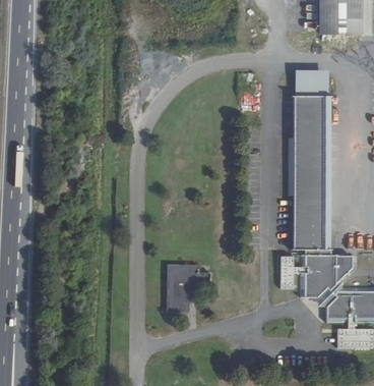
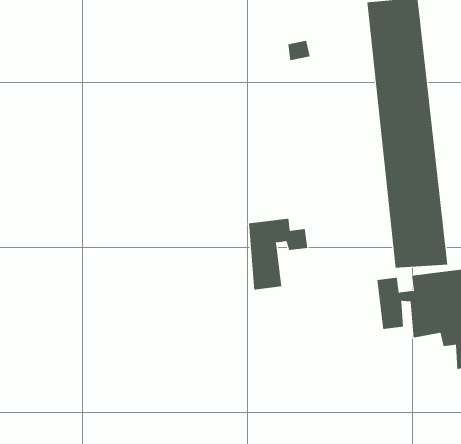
building: [170,262,209,307] -> [248,218,308,290]

